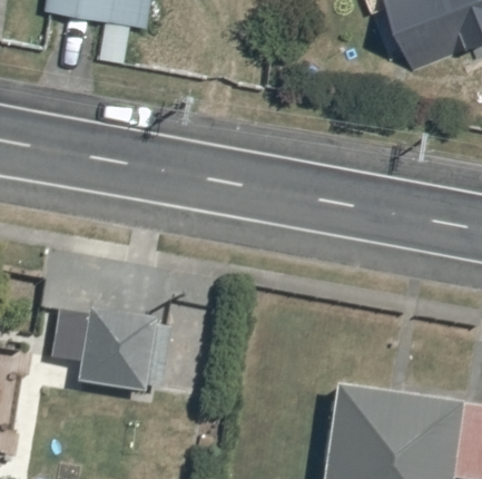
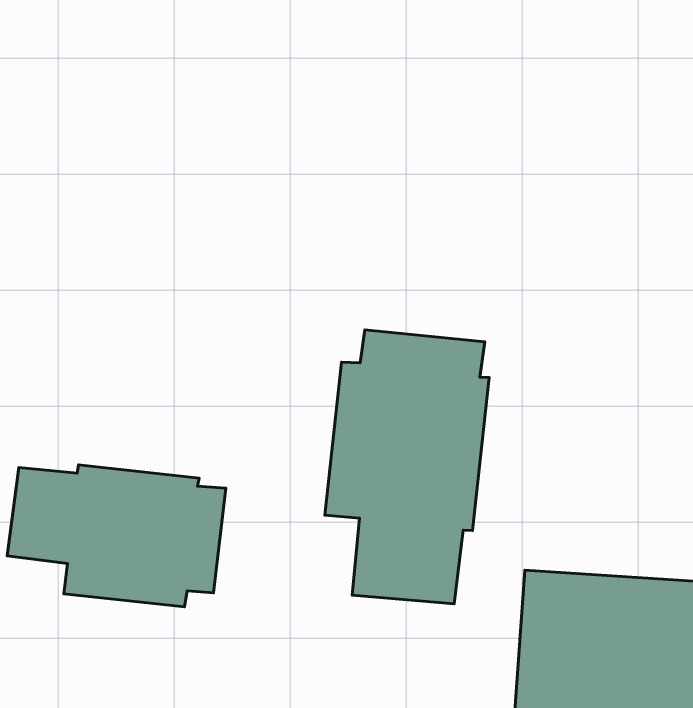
building: none -> [325,330,489,604]

